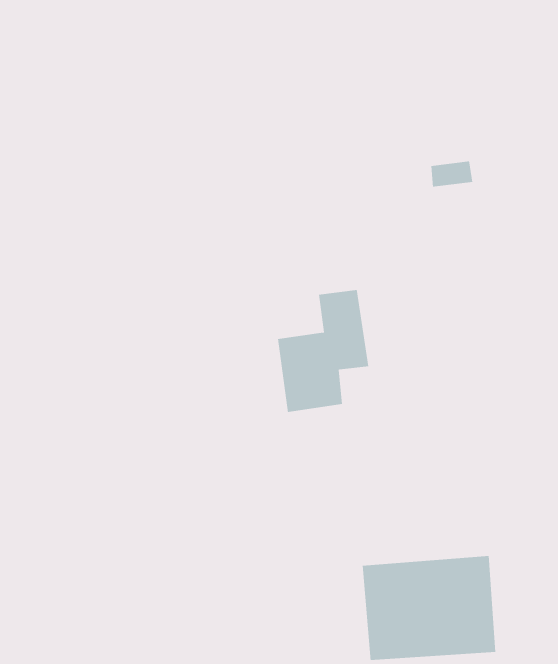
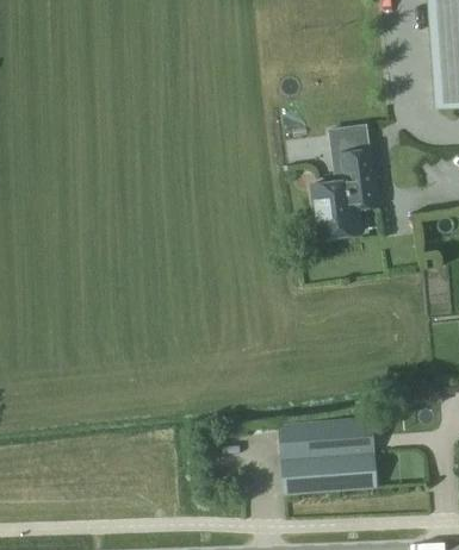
building: [277,290,369,412] -> [312,148,379,237]

